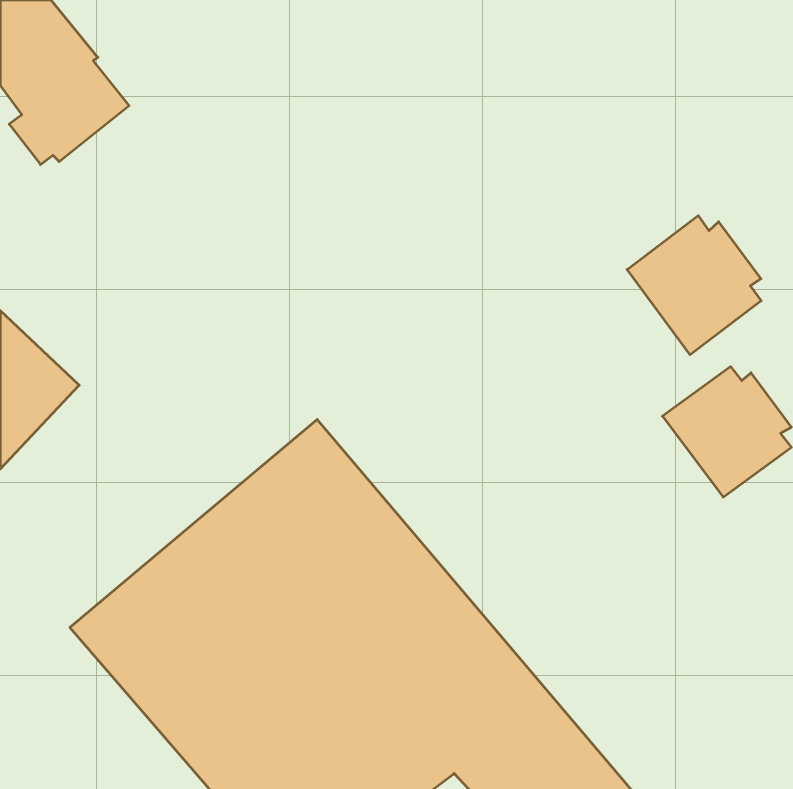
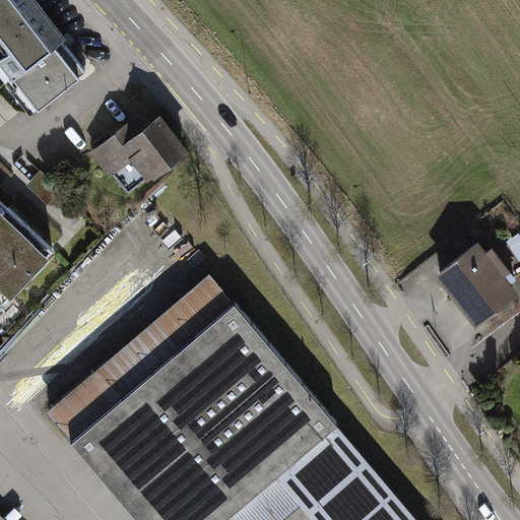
building: none -> [92,119,188,199]
building: [627,216,761,355] -> none

